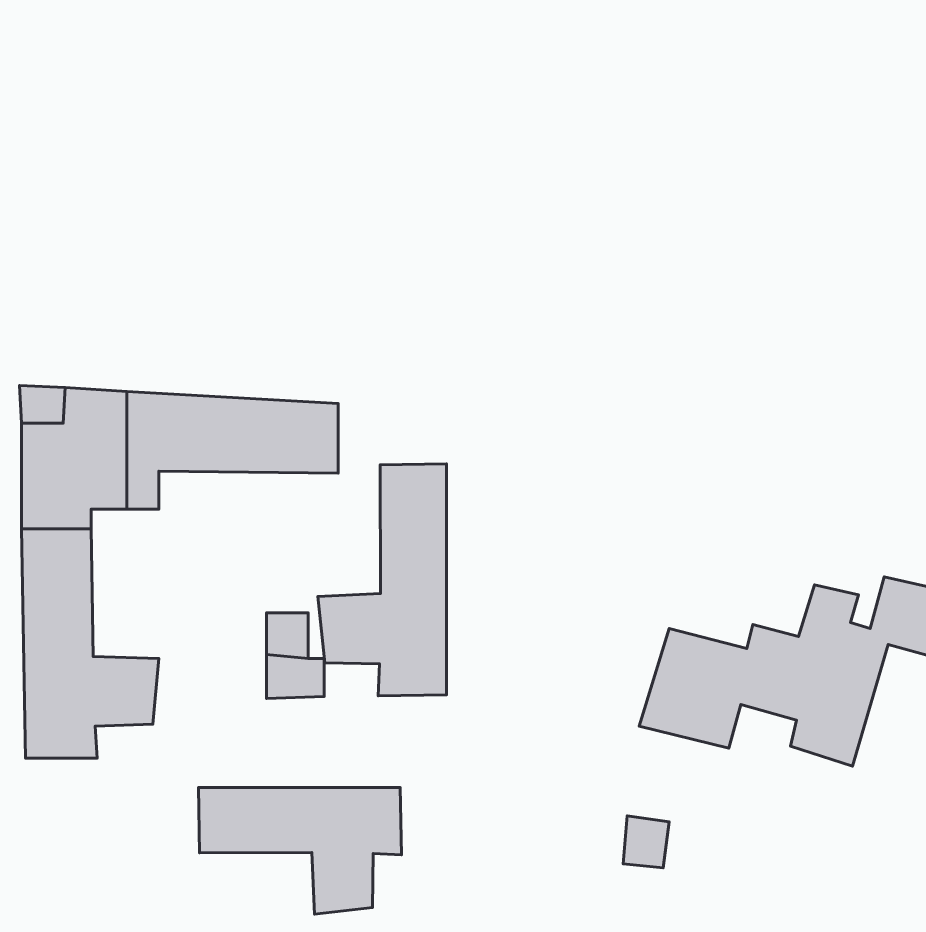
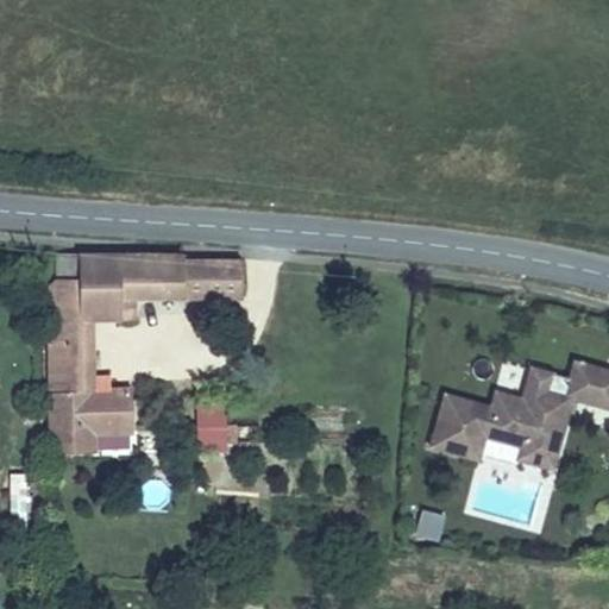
building: [318,464,446,696] -> none
building: [198,788,401,914] -> none

